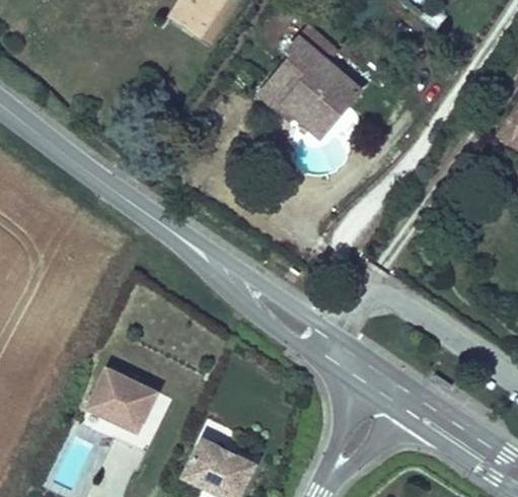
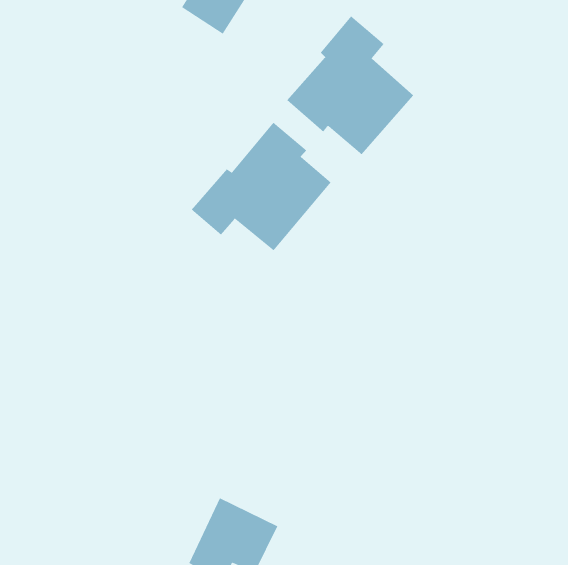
building: none -> [191,122,331,251]
building: [88,356,163,425] -> none

